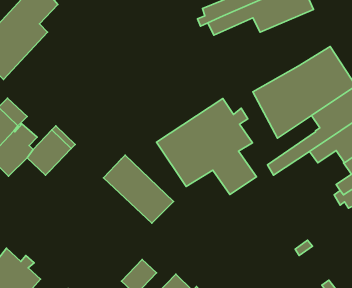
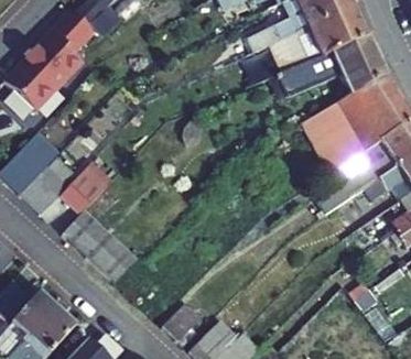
building: none -> [280,35,387,96]
building: [156,98,257,194] -> none
building: [104,155,173,223] -> [63,208,138,281]

